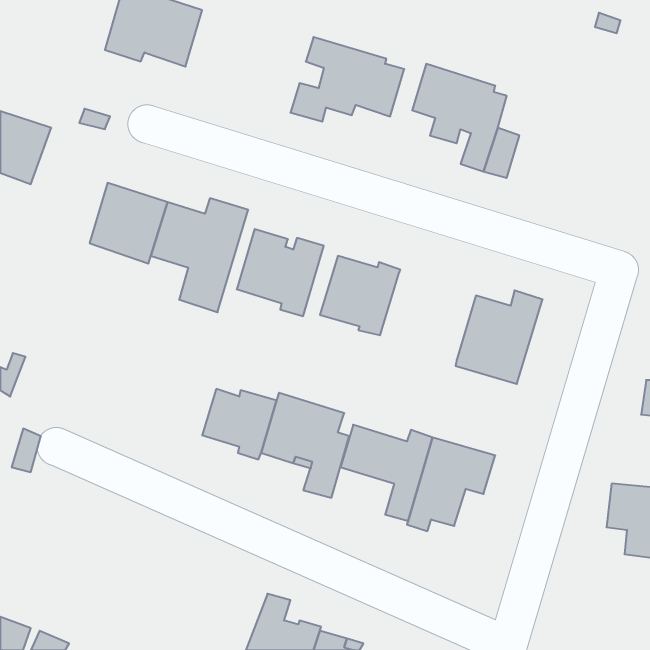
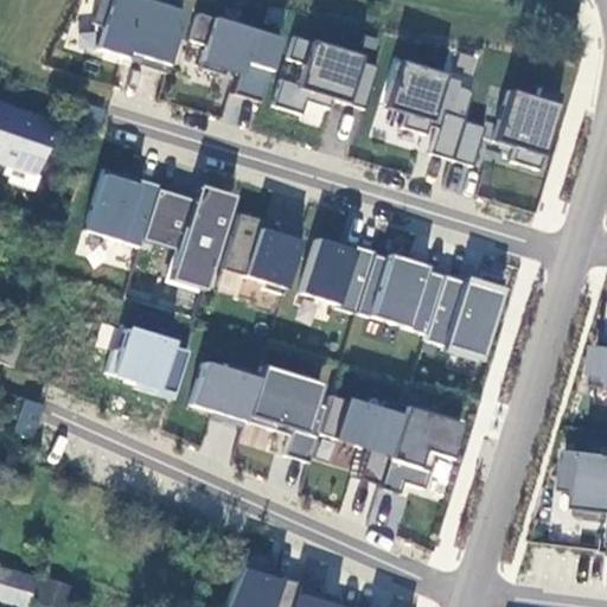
building: none -> [190,12,282,101]
building: none -> [494,85,563,168]
building: none -> [356,253,445,333]
building: none -> [108,325,190,397]

